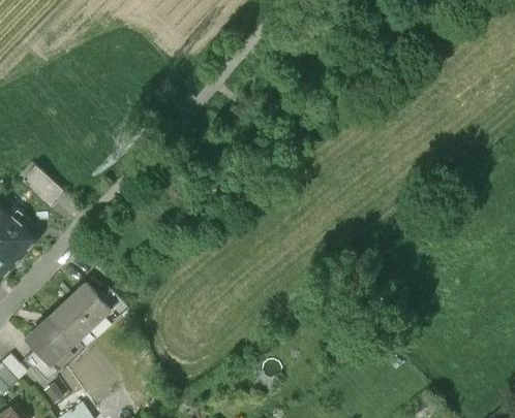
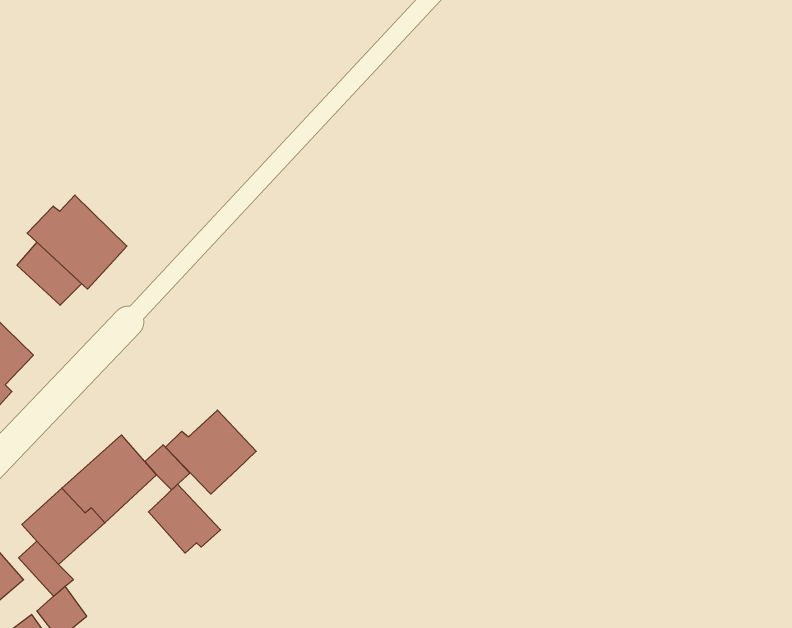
building: none -> [27,195,127,289]
building: none -> [165,410,256,494]
building: none -> [148,484,221,553]

